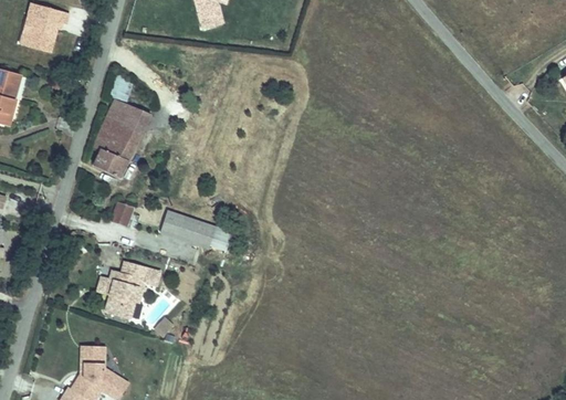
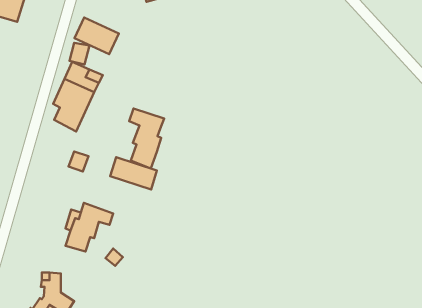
building: none -> [74,18,119,54]
building: none -> [129,109,164,168]

